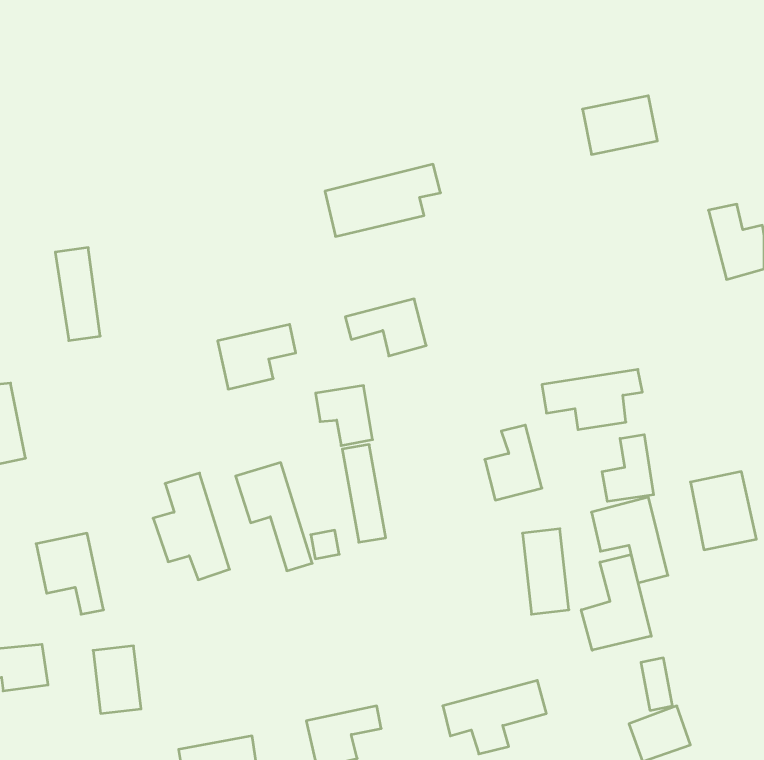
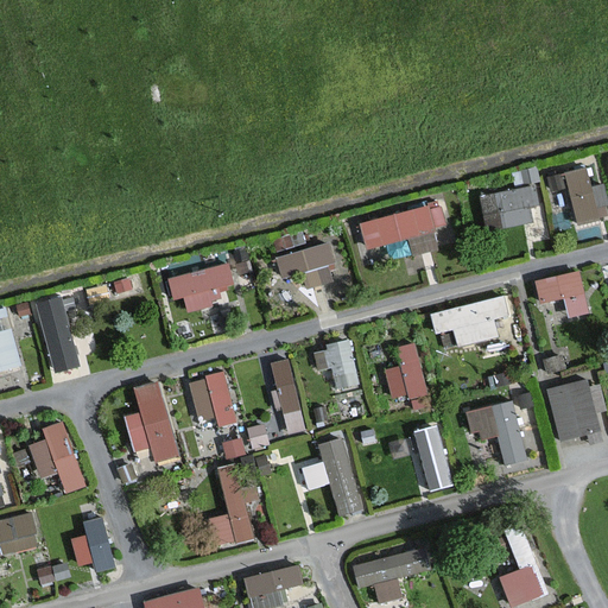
building: [582,96,657,154] -> [479,185,538,232]
building: [325,164,441,236] -> [356,202,448,259]
building: [55,248,100,341] -> [39,296,75,369]
building: none -> [531,270,591,319]
building: [316,386,373,446] -> [314,341,359,388]
building: [602,435,654,501] -> none
building: none -> [304,437,362,515]
building: [581,554,651,650] -> none
building: none -> [207,463,259,549]

